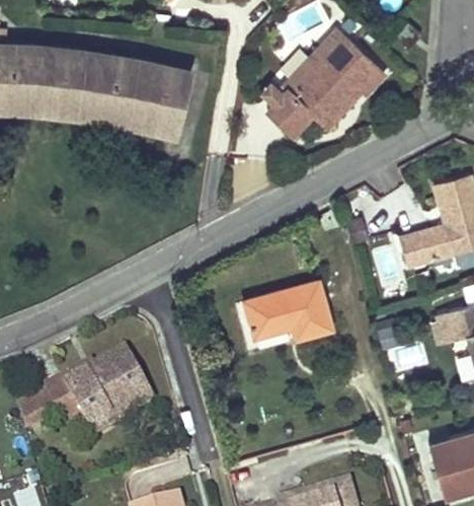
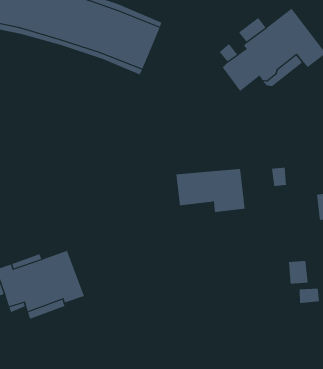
building: [244,283,331,339] -> [175,168,246,213]

